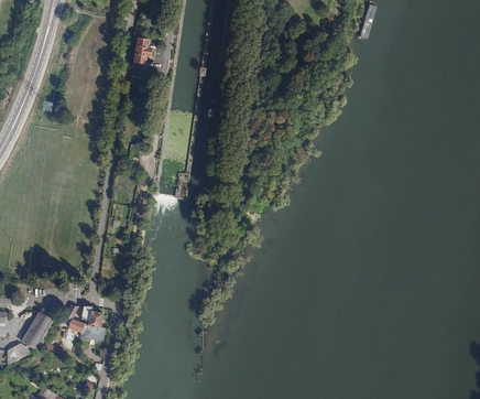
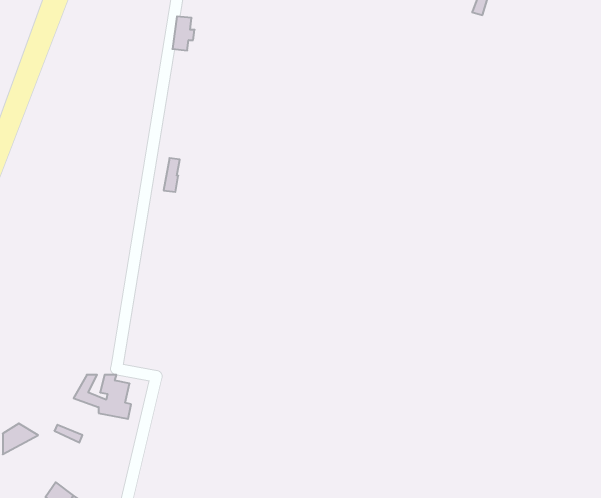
building: [20,309,52,347] -> none

